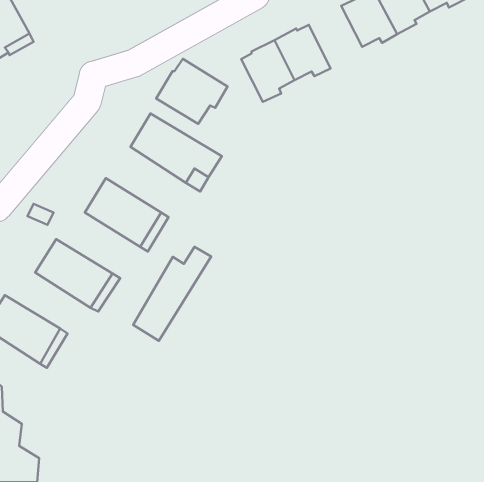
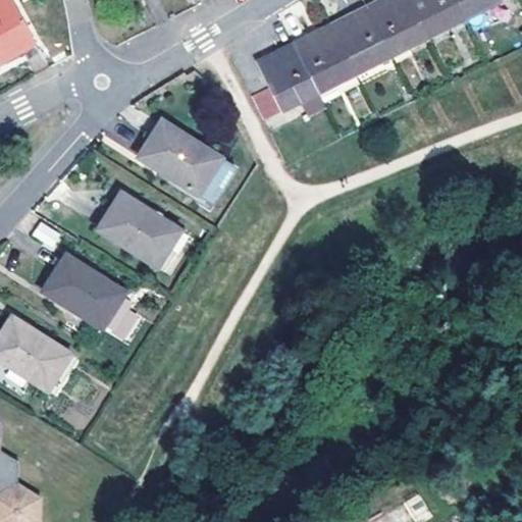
building: none -> [330,6,387,73]
building: [156,59,228,124] -> none
building: [133,247,211,341] -> none

